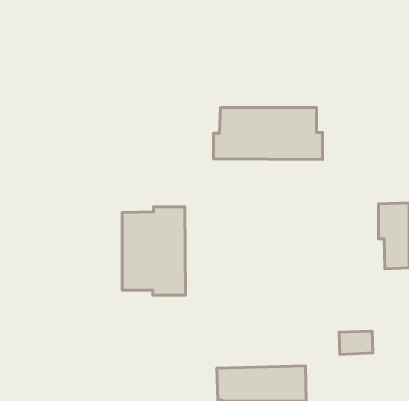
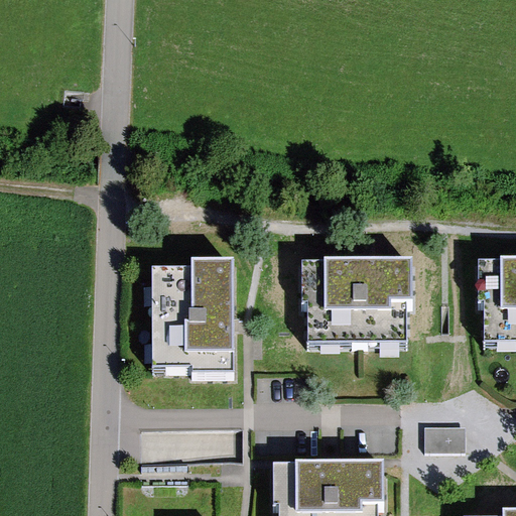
building: [213,108,322,159] -> none
building: none -> [302,260,414,343]

